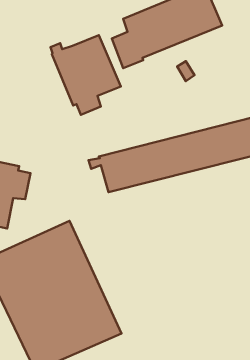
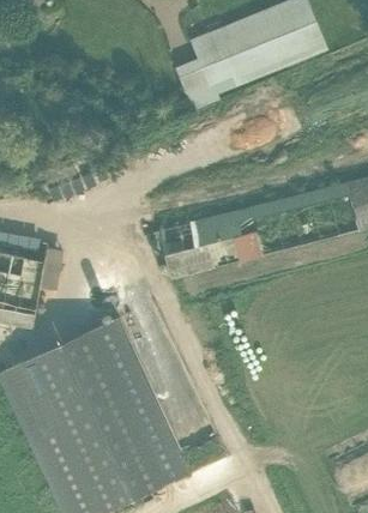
building: [50,35,121,115] -> none

